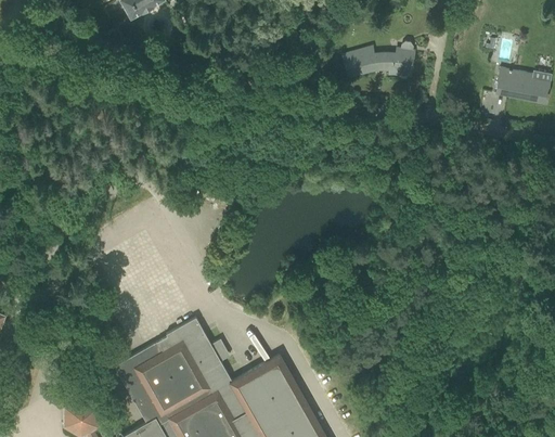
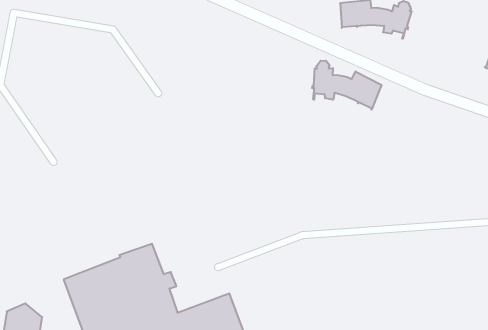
building: none -> [312,61,381,110]

